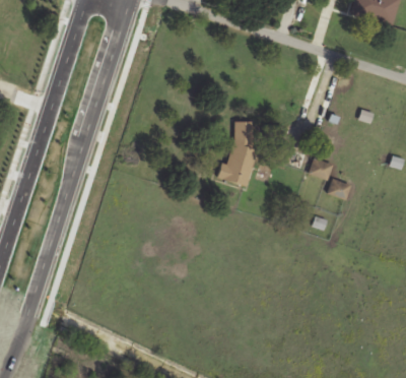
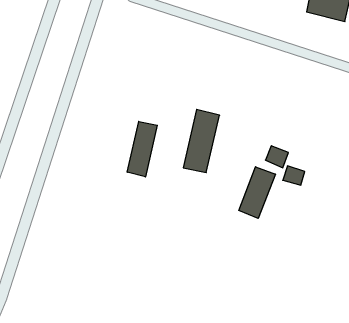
building: none -> [127,121,157,177]
building: none -> [239,167,275,218]

